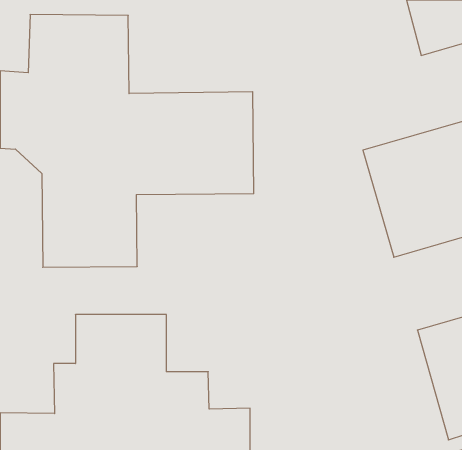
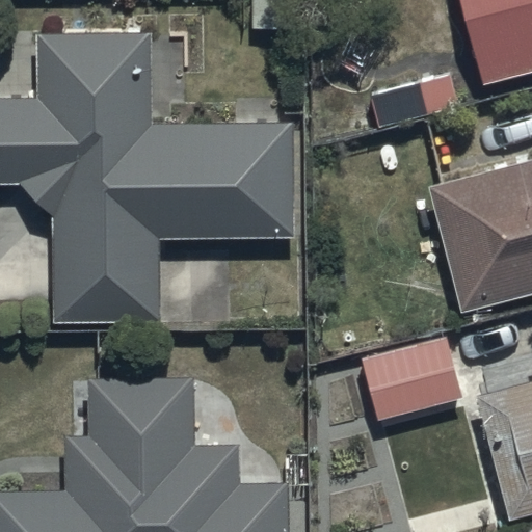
building: none -> [362,338,468,425]

